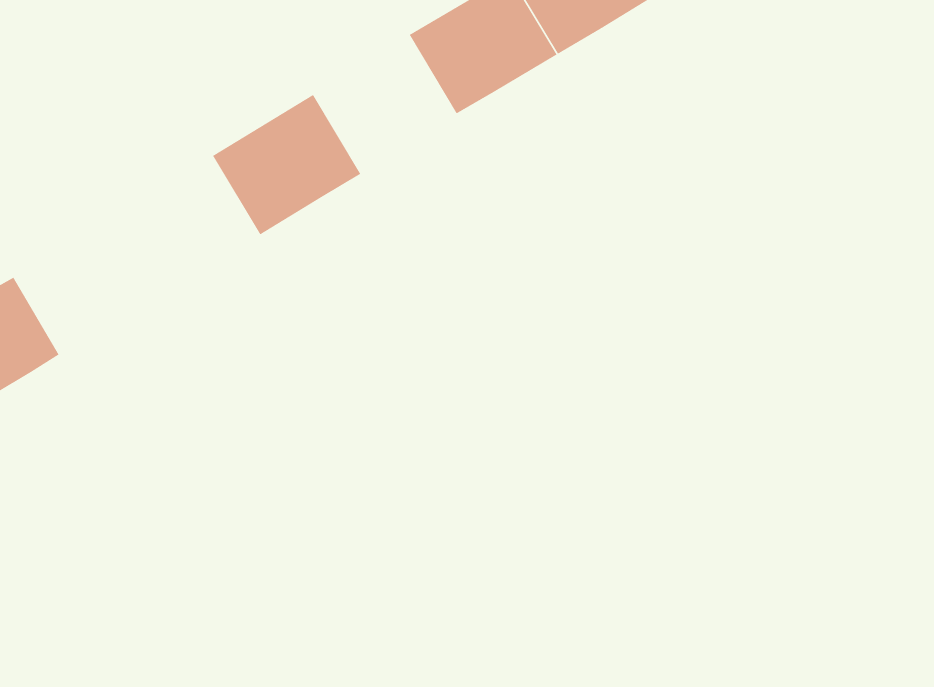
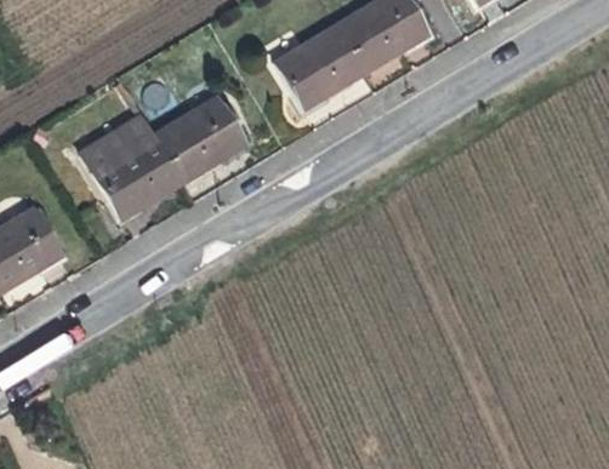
building: none -> [82,113,186,218]

